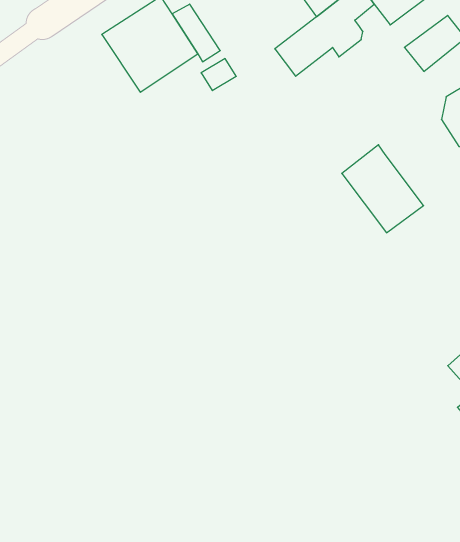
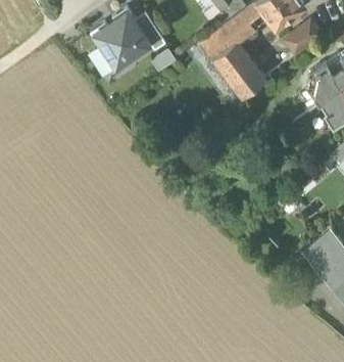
building: [342,145,424,233] -> [213,42,265,98]

